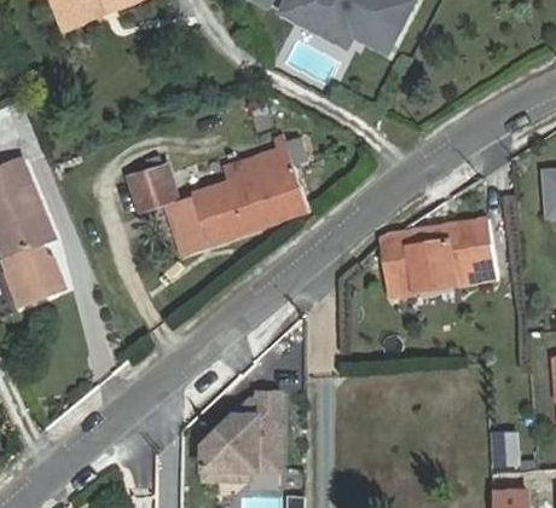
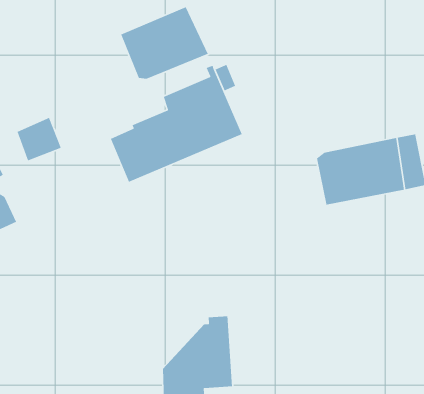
building: none -> [120,6,209,80]
building: [124,161,172,207] -> [16,117,62,162]

